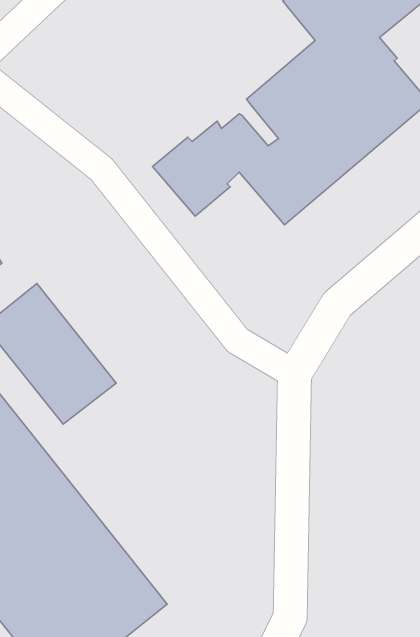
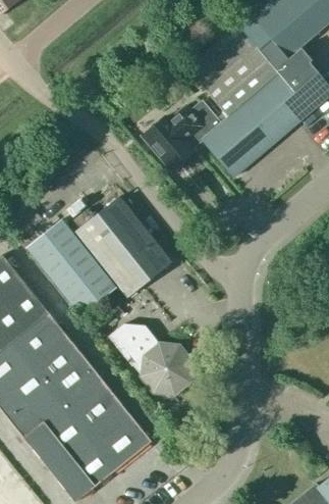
building: none -> [75,197,172,298]
building: none -> [108,323,193,396]

